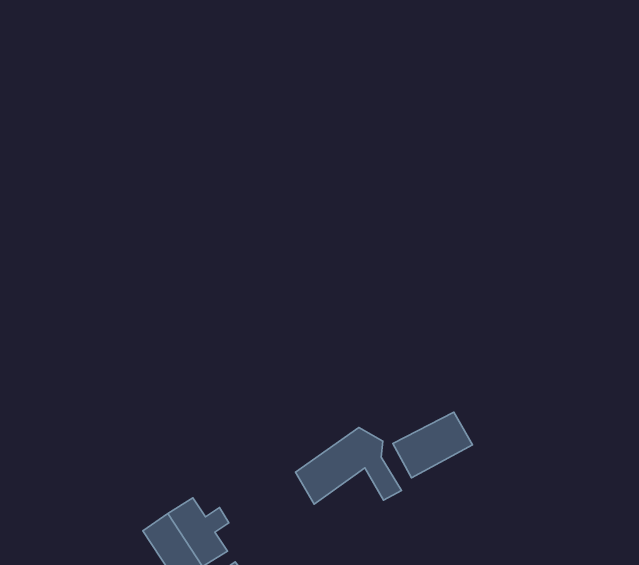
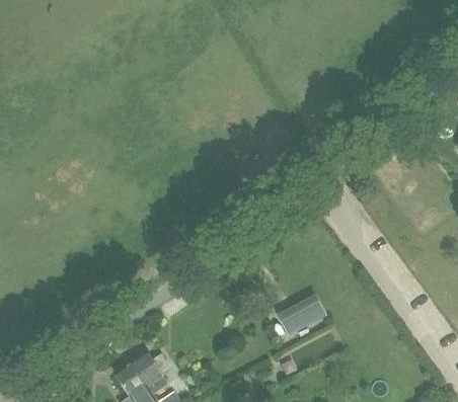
building: [295,428,401,504] -> none

